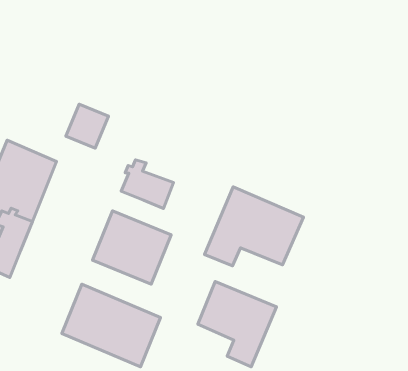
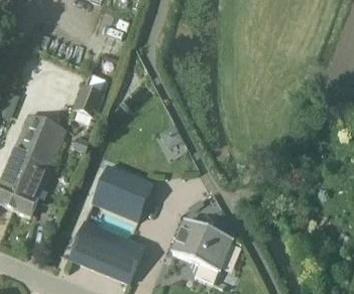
building: [121,160,173,209] -> none
building: [205,187,303,266] -> none

